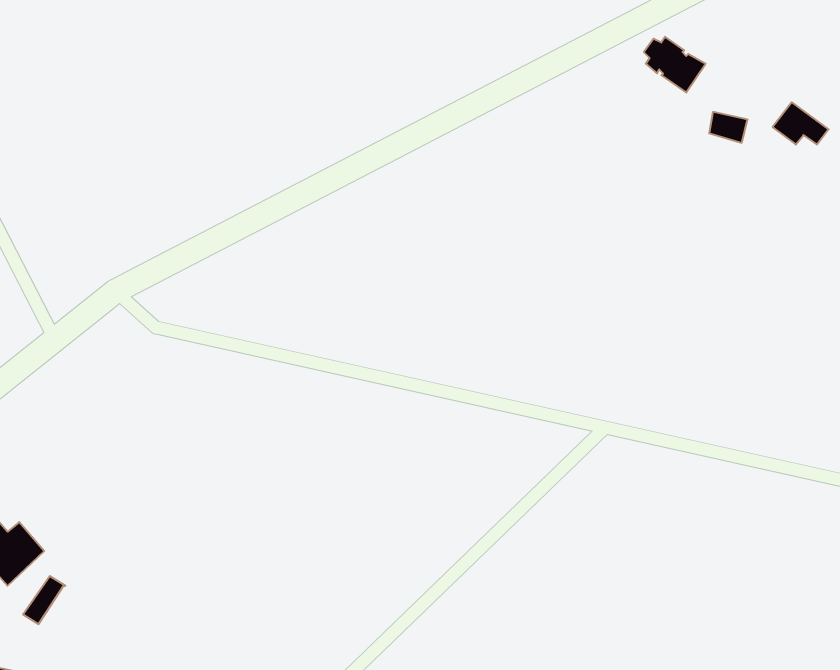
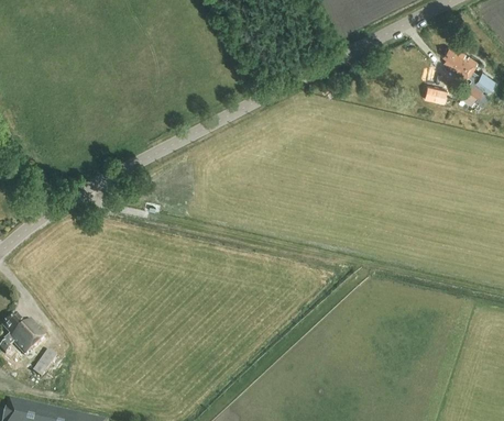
building: [644,37,706,93] -> [445,47,480,79]

